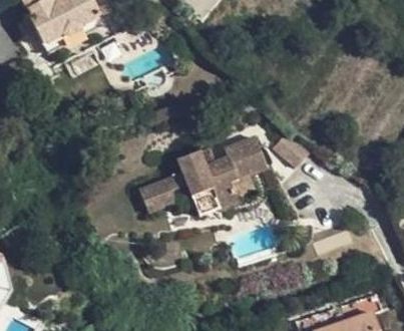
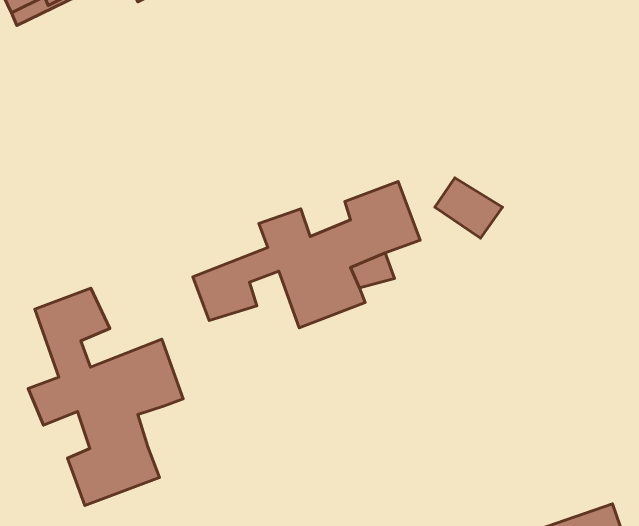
building: none -> [28,288,183,506]

